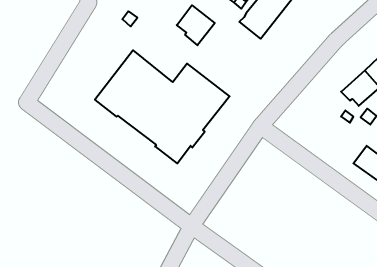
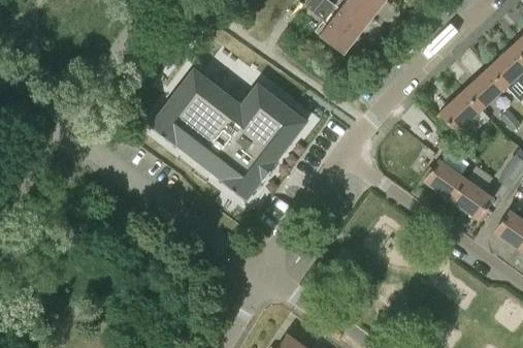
building: [177,5,215,45] -> none
building: none -> [423,160,467,199]

